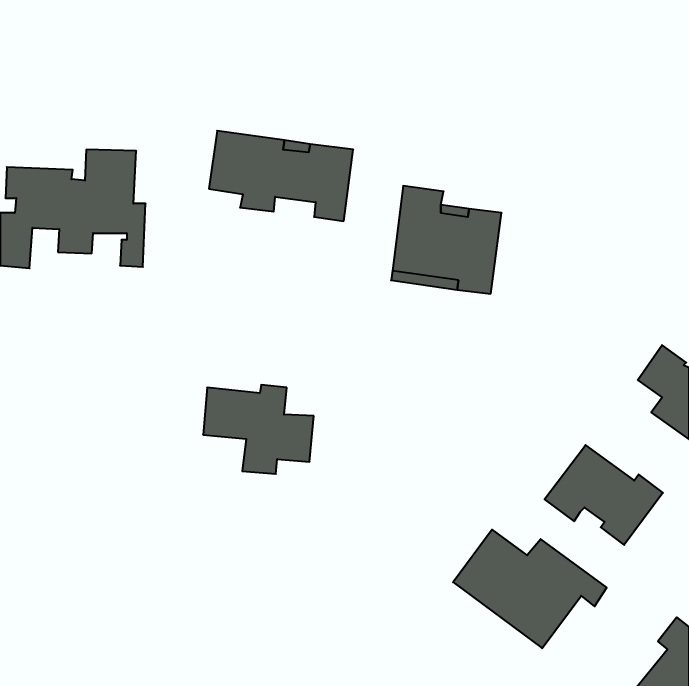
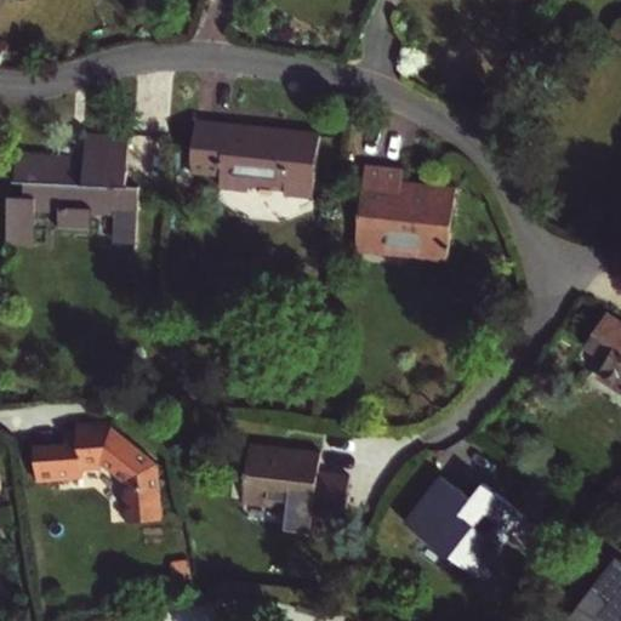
building: [203,385,314,474] -> [247,448,347,528]
building: [545,445,663,545] -> none
building: none -> [33,418,165,515]

